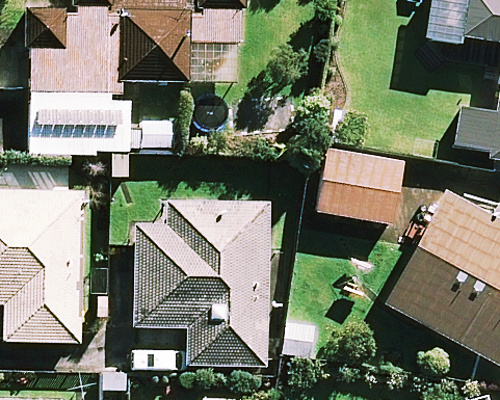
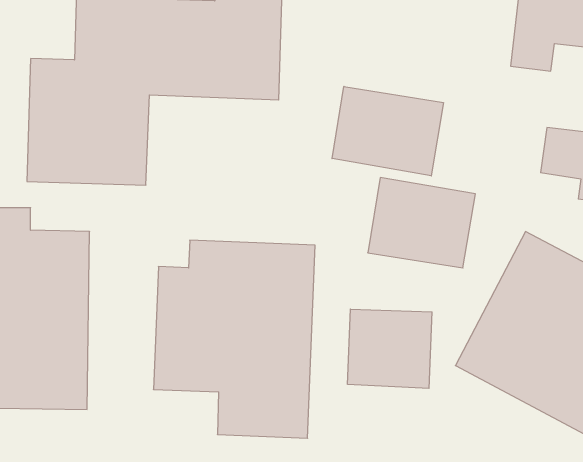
building: none -> [332,86,443,176]
building: none -> [348,309,432,388]

